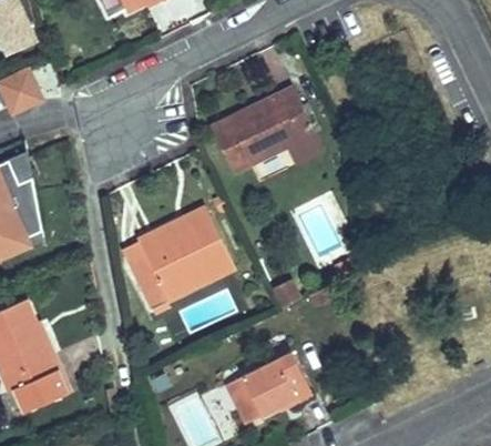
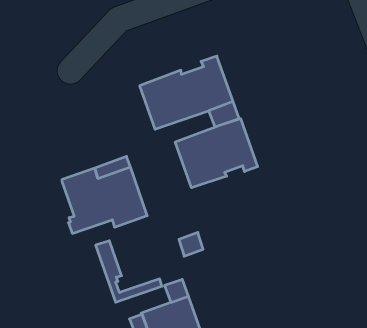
building: none -> [175,119,258,188]
building: [123,242,201,308] -> [96,241,162,302]

